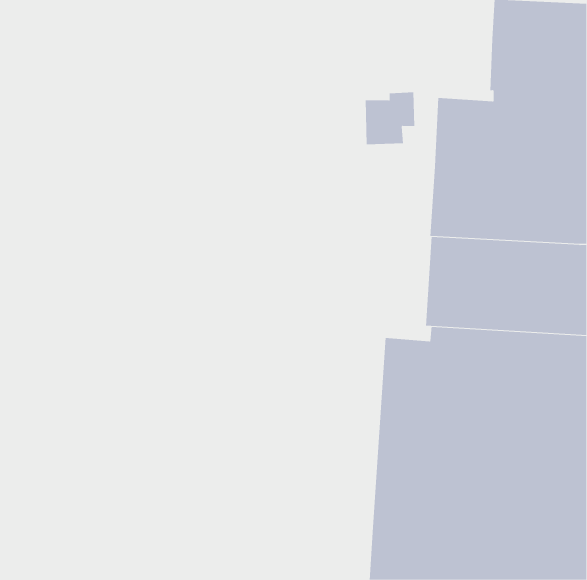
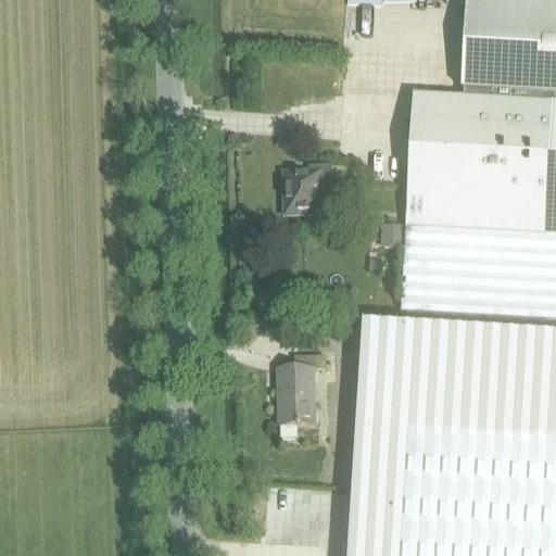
building: [365,92,415,145] -> [286,162,333,212]
building: none -> [279,353,327,424]

